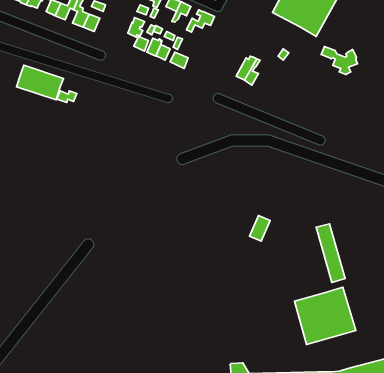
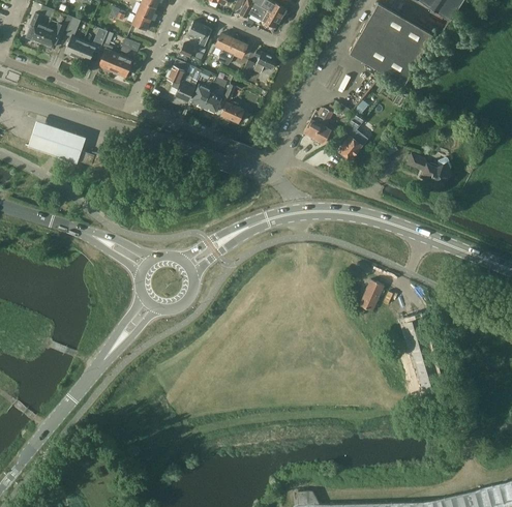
building: [321,46,357,74] -> [406,153,452,188]
building: none -> [339,113,366,160]
building: [249,216,270,241] -> [358,279,384,311]
building: [295,287,356,345] -> none

